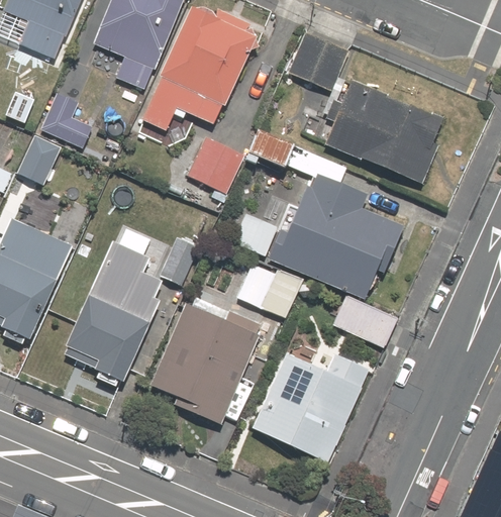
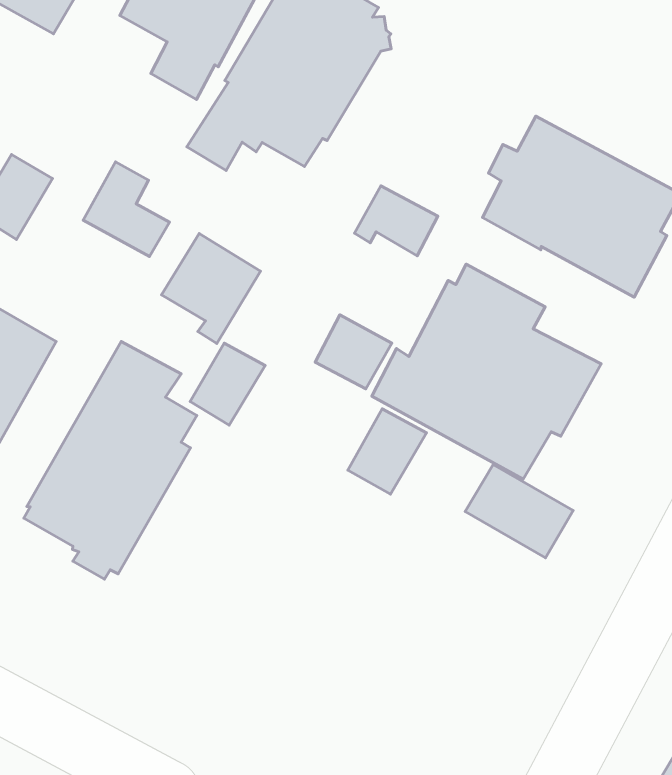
building: [287,30,348,90] -> none
building: [39,91,92,146] -> [83,162,169,257]
building: [186,134,244,200] -> [162,234,260,343]
building: [149,295,260,423] -> none
building: [252,349,369,462] -> none

